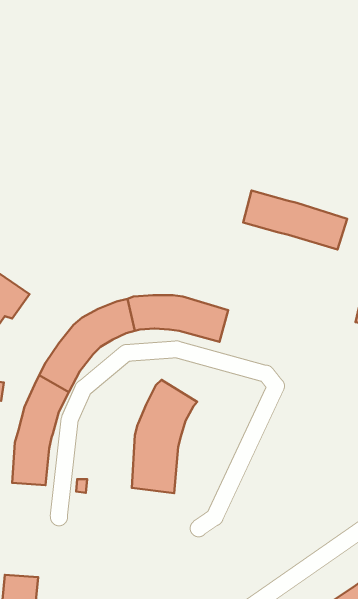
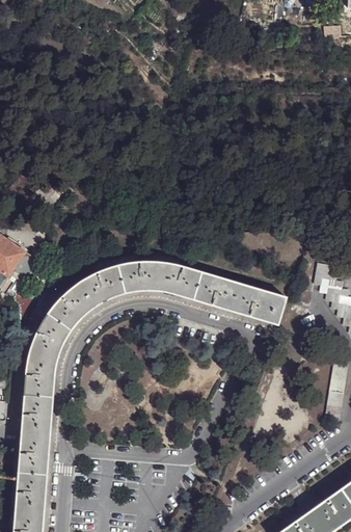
building: [243,191,347,249] -> [197,273,286,323]
building: [132,380,197,493] -> none
building: none -> [16,420,50,500]

